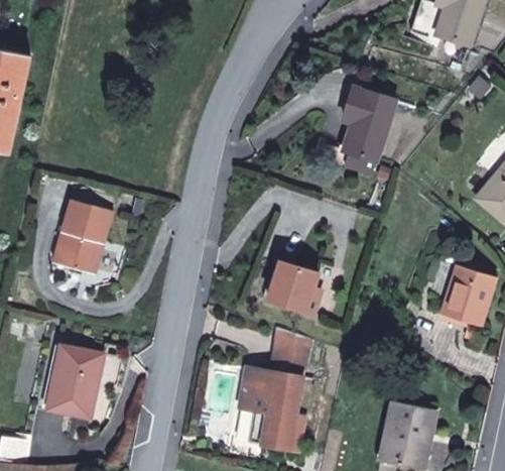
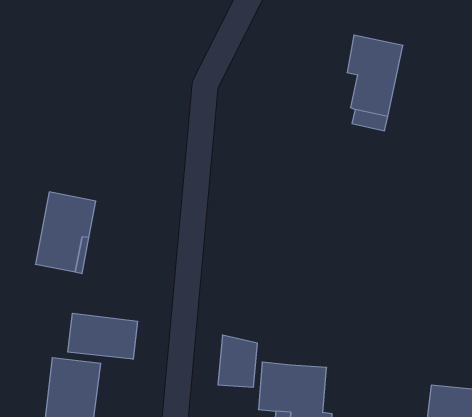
building: [268,260,320,314] -> none
building: none -> [68,313,137,359]
building: [271,328,309,376] -> [218,335,257,387]

